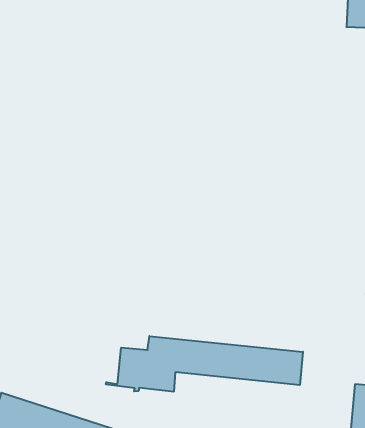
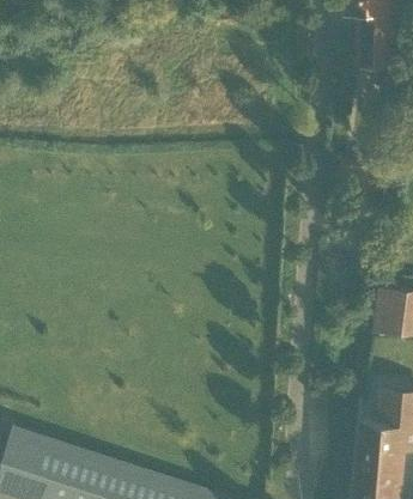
building: [106,336,303,392] -> none

